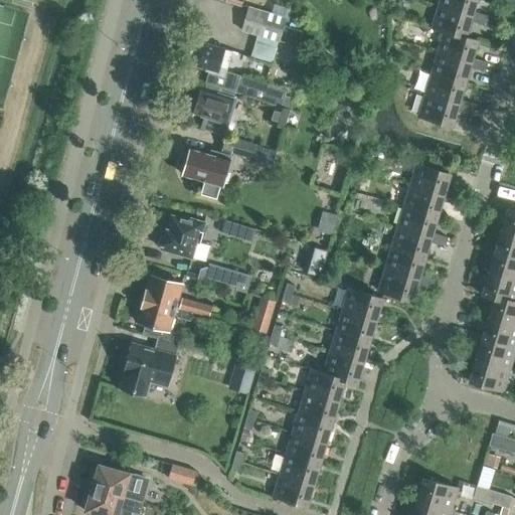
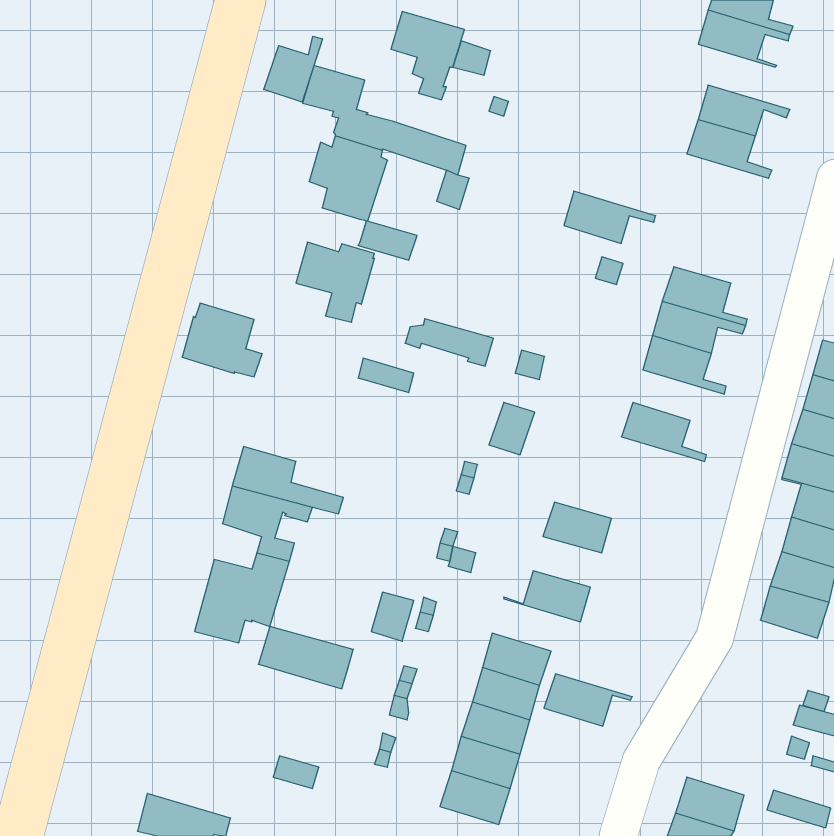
building: none -> [264,36,323,102]
building: [431,27,488,67] -> none
building: [417,95,474,127] -> [564,191,656,243]
building: [161,215,210,261] -> [182,303,262,377]
building: [390,227,447,259] -> none
building: [197,264,251,293] -> [405,319,493,366]
building: [377,269,435,301] -> none
building: [342,287,383,319] -> none
building: [250,299,276,331] -> none
building: [329,330,371,361] -> none
building: [304,368,358,400] -> [544,674,632,726]
building: [92,465,150,503] -> [258,627,353,689]

